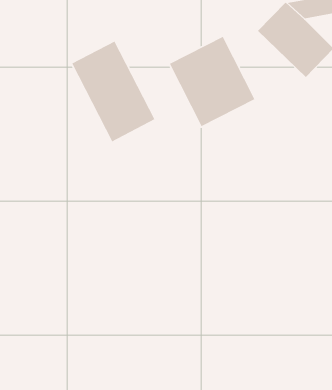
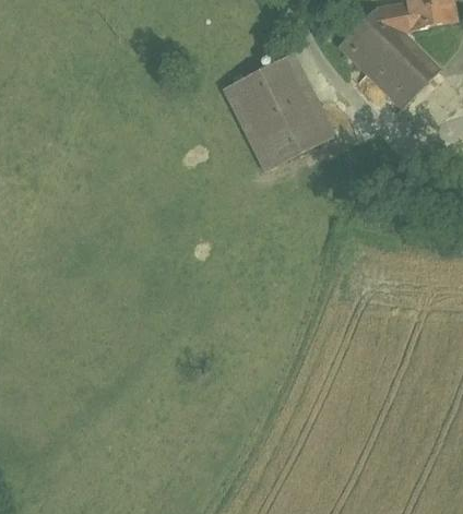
building: [71,40,155,142] -> none

